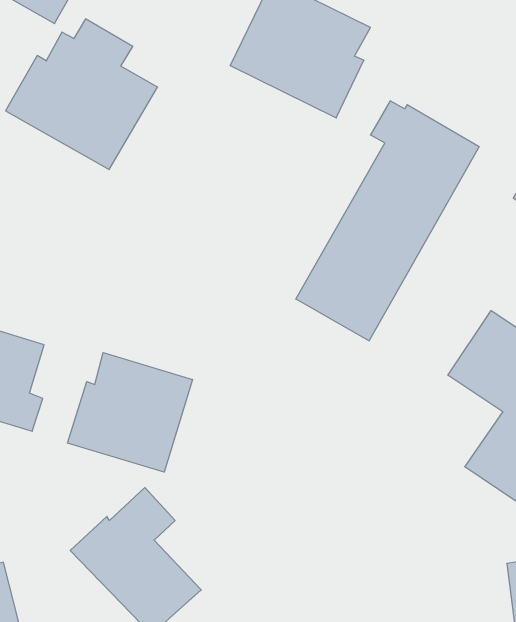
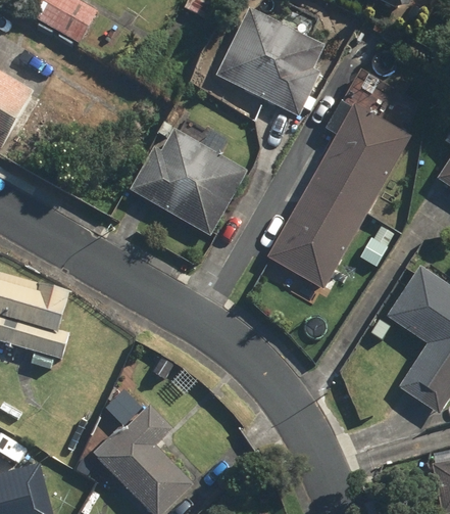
building: [6,19,158,170] -> [129,118,247,235]
building: [68,353,193,472] -> none

